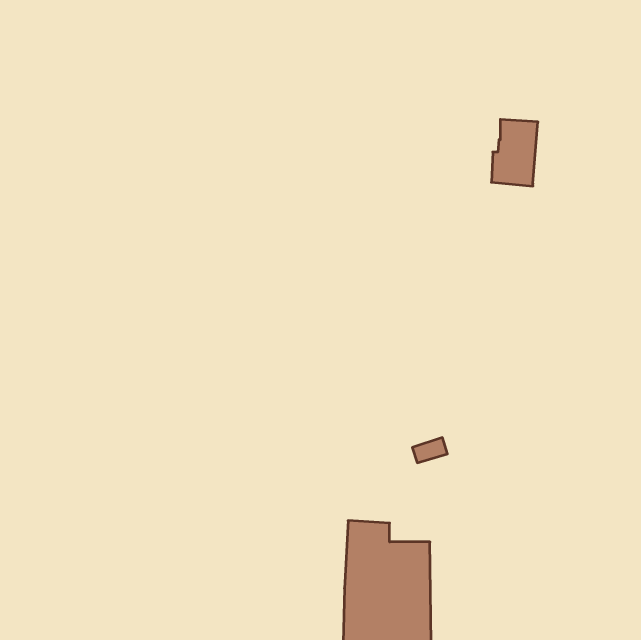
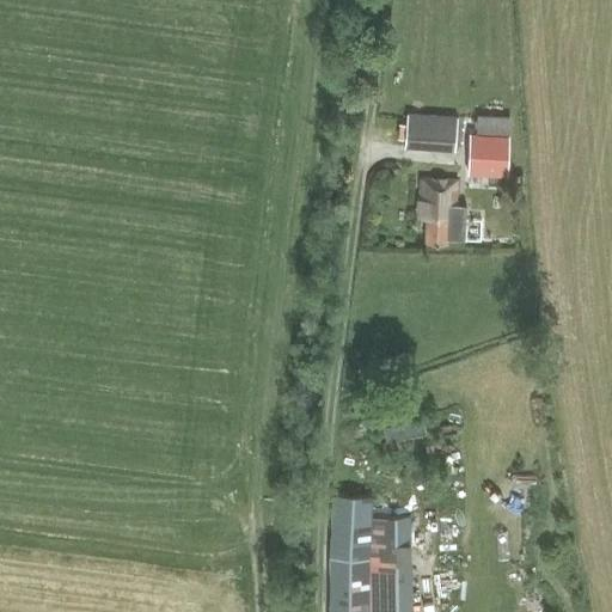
building: none -> [405,115,458,152]
building: none -> [422,182,466,246]

